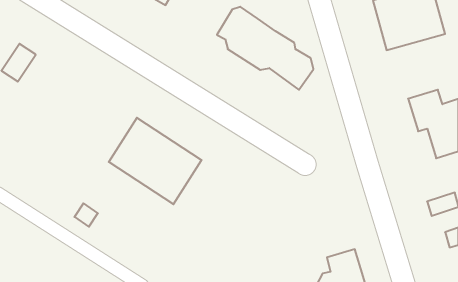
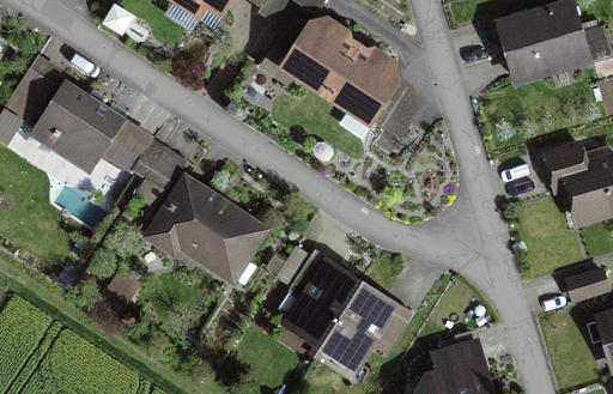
building: none -> [30,78,186,198]
building: none -> [287,254,408,366]

